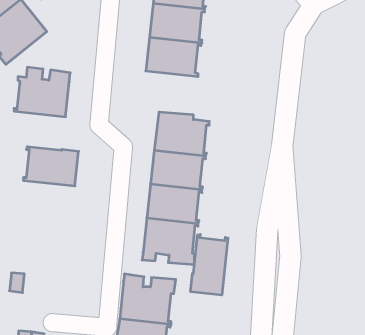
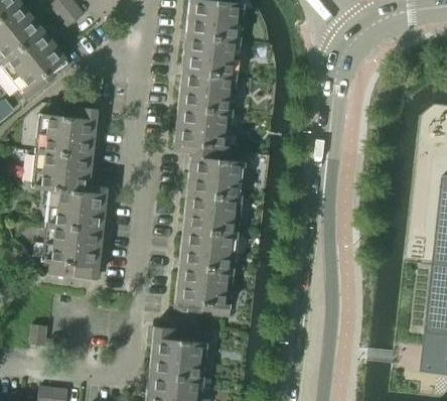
building: none -> [173,108,234,155]
building: none -> [31,151,91,193]
building: none -> [41,226,101,280]
building: [191,234,228,295] -> none

